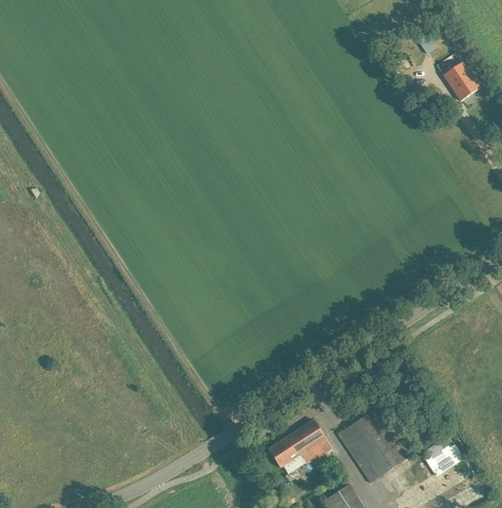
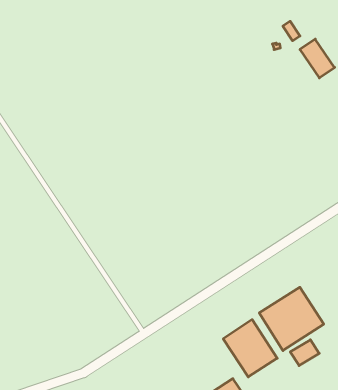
building: none -> [259,287,324,351]
building: [267,420,331,474] -> none

